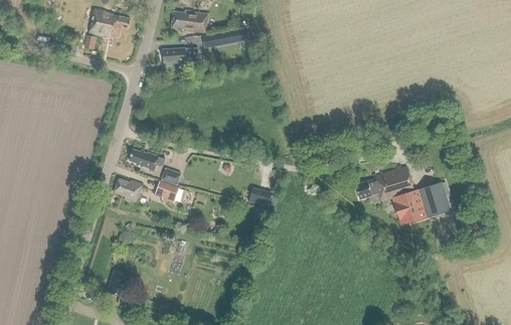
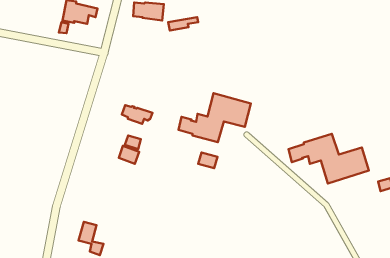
building: [162,47,197,63] -> none
building: none -> [178,93,251,142]
building: [129,149,165,171] -> [122,105,153,124]
building: [113,178,141,201] -> none

